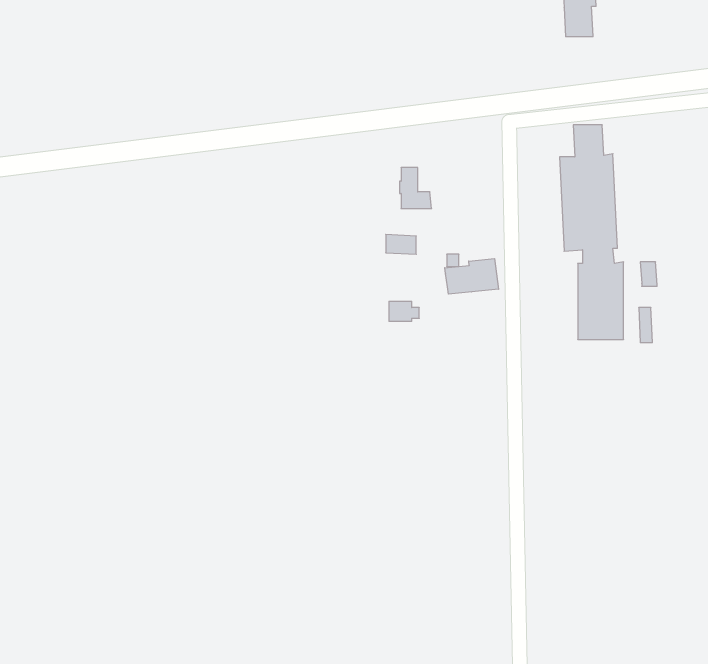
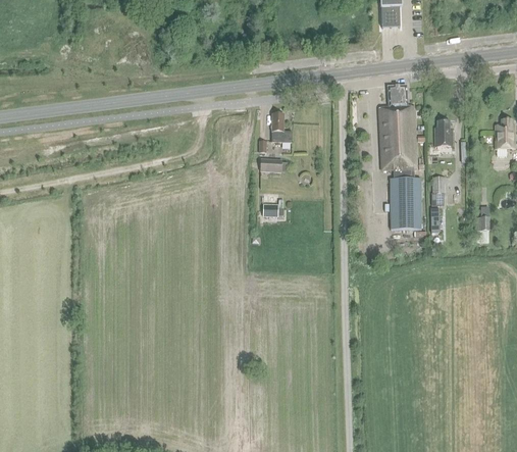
building: none -> [433,119,451,146]
building: [445,259,499,294] -> none

